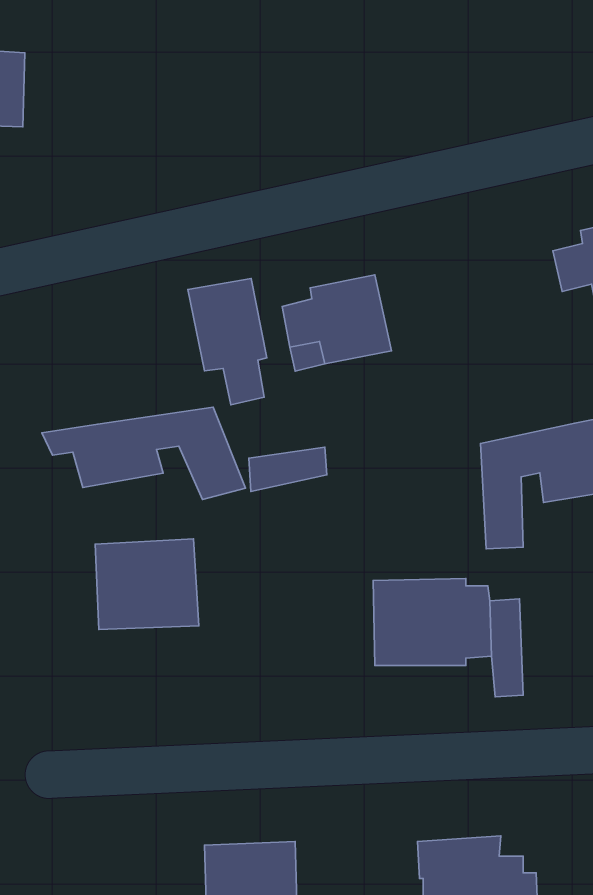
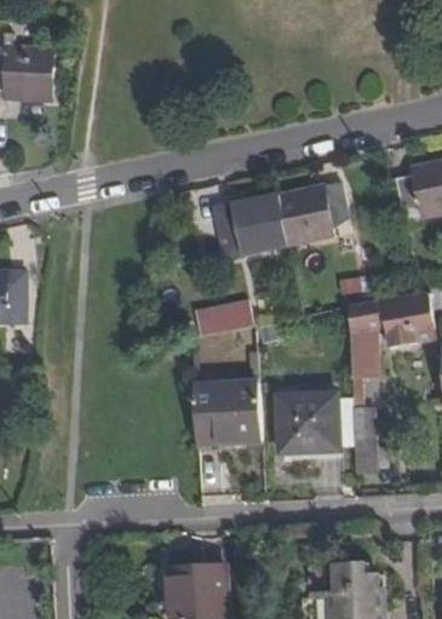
building: none -> [279,184,348,247]
building: [188,279,267,405] -> none
building: [42,407,246,499] -> none
building: [95,539,199,629] -> [194,384,262,443]

